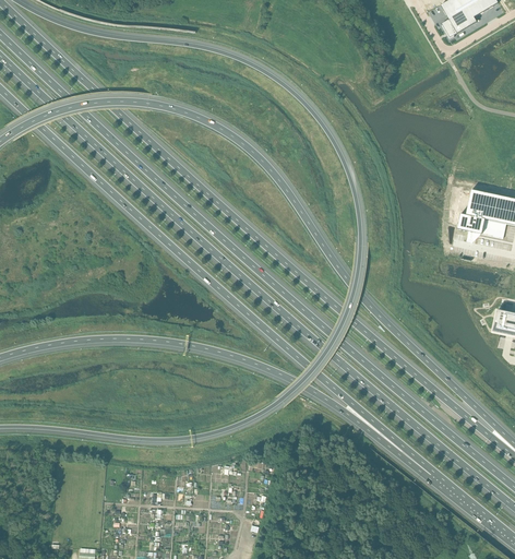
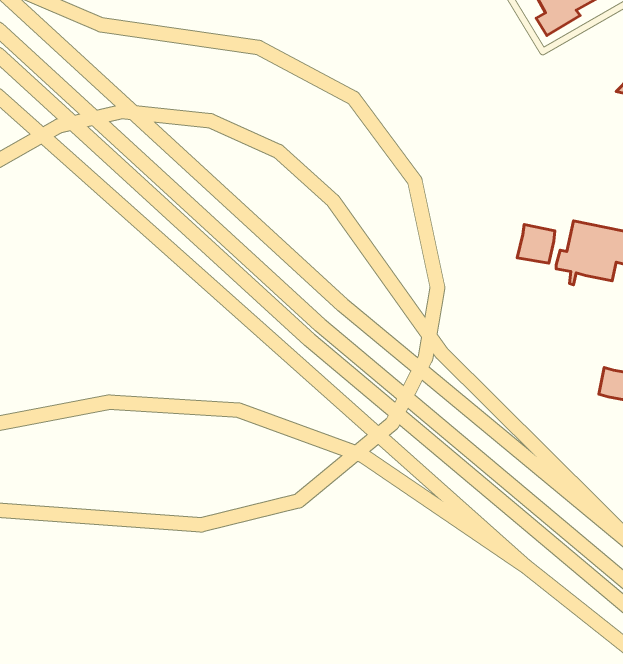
building: none -> [517,224,555,263]

